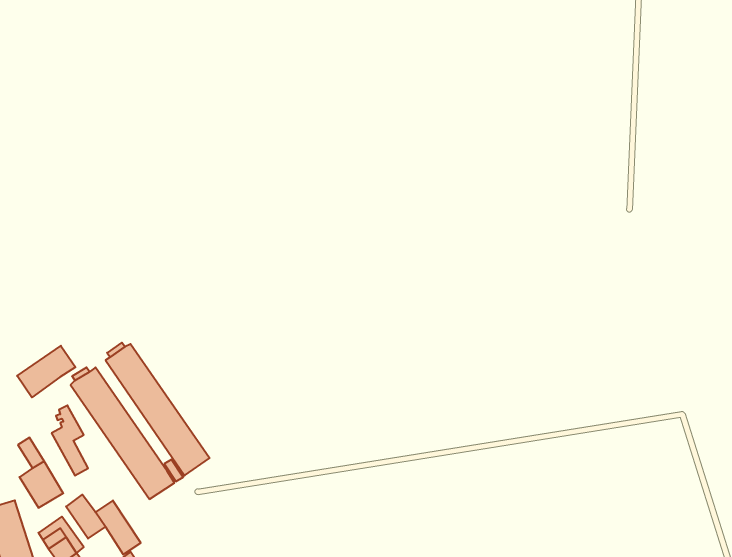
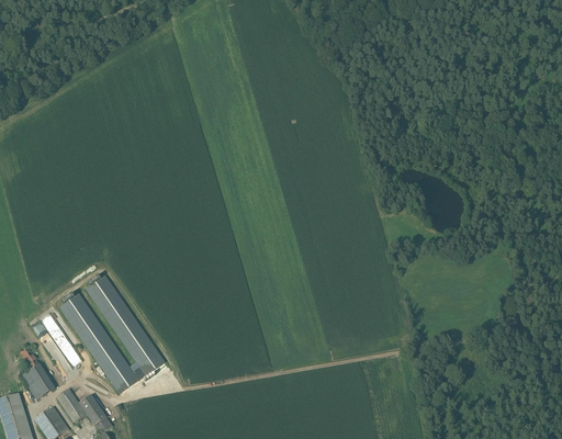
building: [17,346,75,397] -> none

